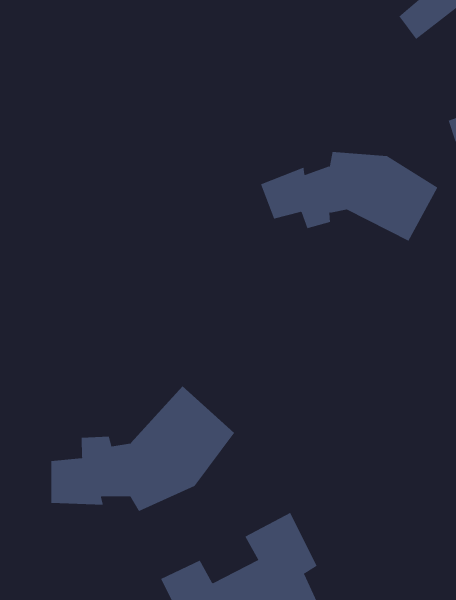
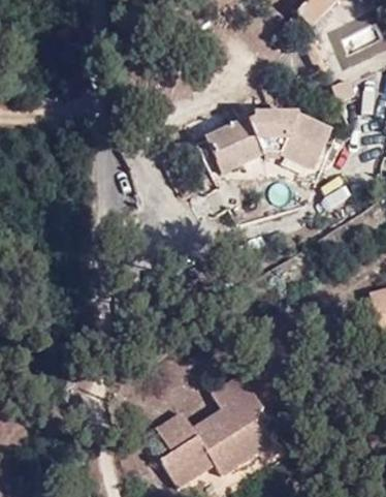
building: [51,386,235,512] -> none

